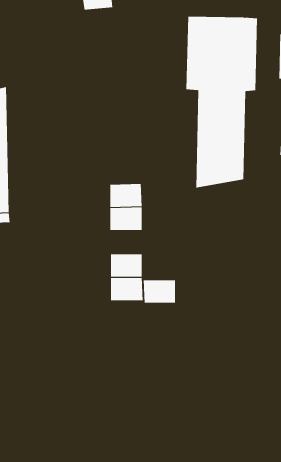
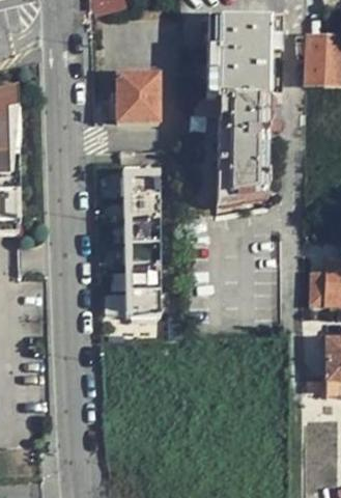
building: none -> [117,74,157,122]
building: none -> [124,171,159,196]
building: [143,280,176,303] -> [124,245,160,270]

